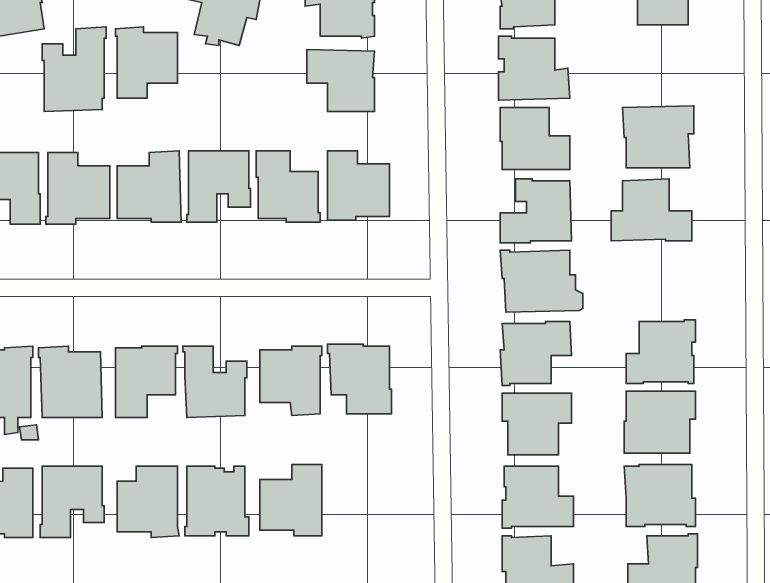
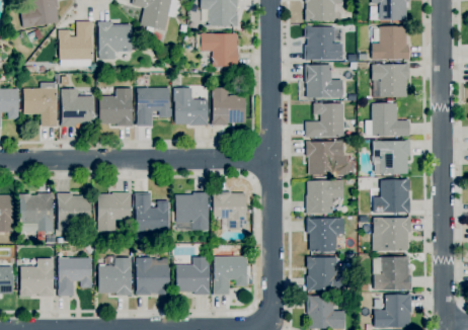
building: none -> [372,26,409,60]
building: none -> [373,141,410,174]
building: none -> [214,257,248,296]

